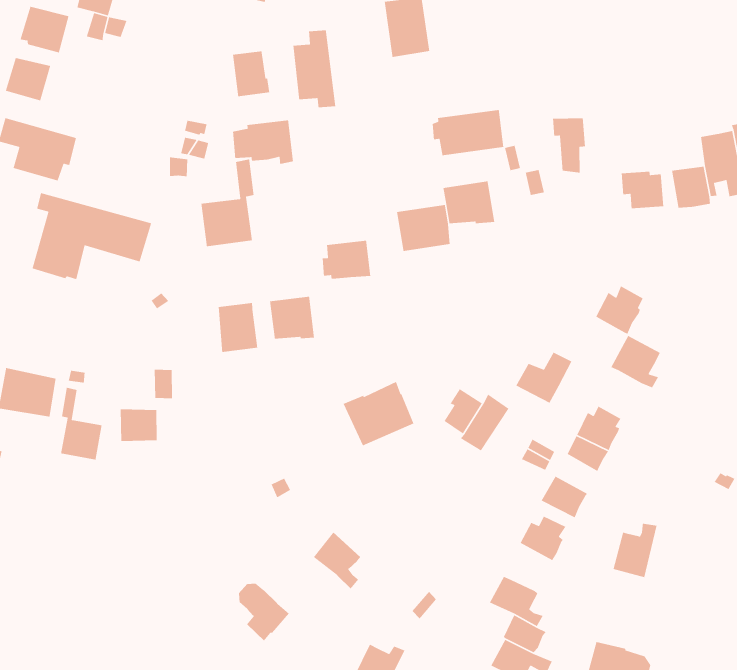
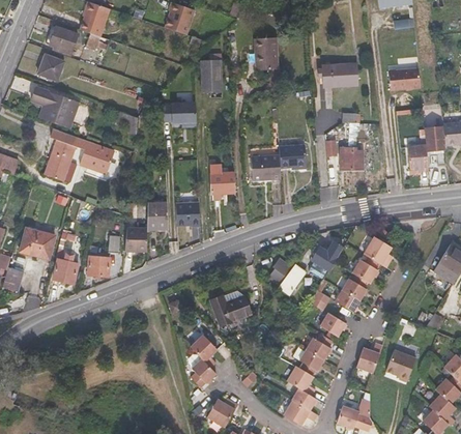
building: none -> [387,68,420,90]
building: [232,51,270,97] -> none
building: [432,109,504,156] -> [318,63,357,87]
building: [200,159,254,247] -> none
building: [621,171,664,209] -> [340,147,363,168]
building: [595,285,644,335] -> [352,256,380,284]
building: none -> [124,230,147,255]
building: [343,381,415,446] -> [210,290,250,325]
building: none -> [385,350,415,381]
building: none -> [297,348,323,375]
building: [238,583,290,641] -> [188,354,215,387]

